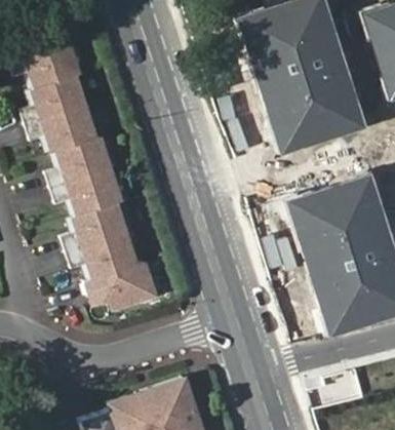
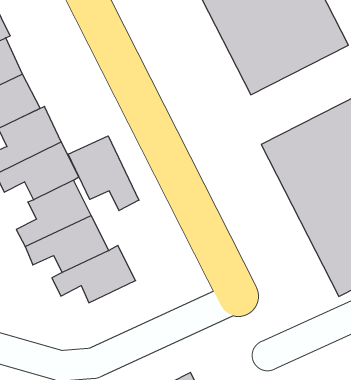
building: none -> [68,136,139,211]

